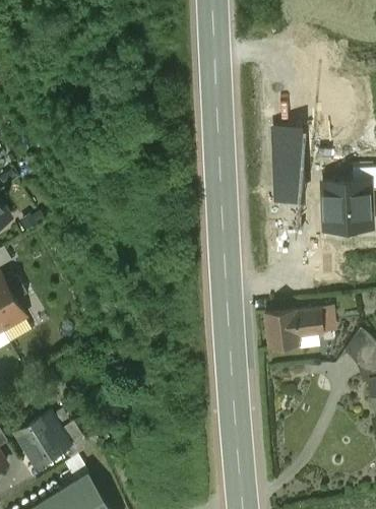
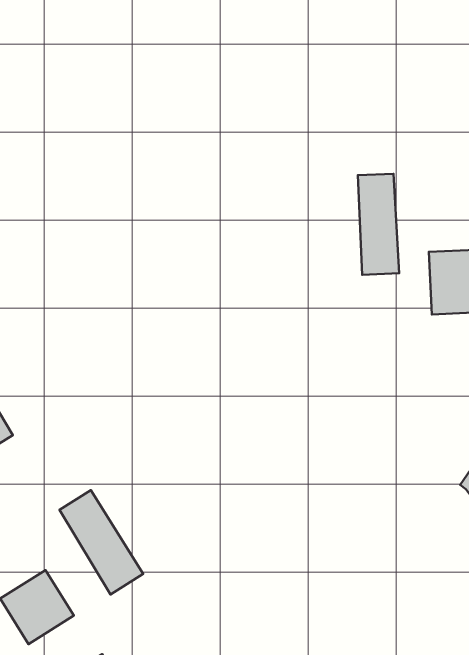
building: [264,309,324,349] -> none
building: none -> [59,490,143,595]

